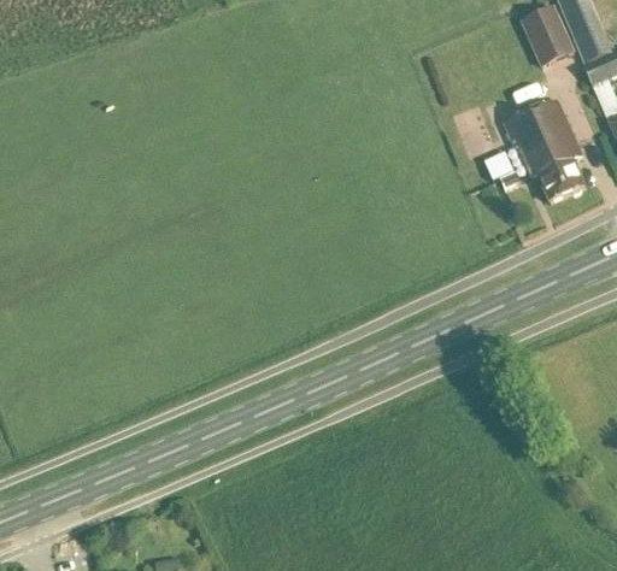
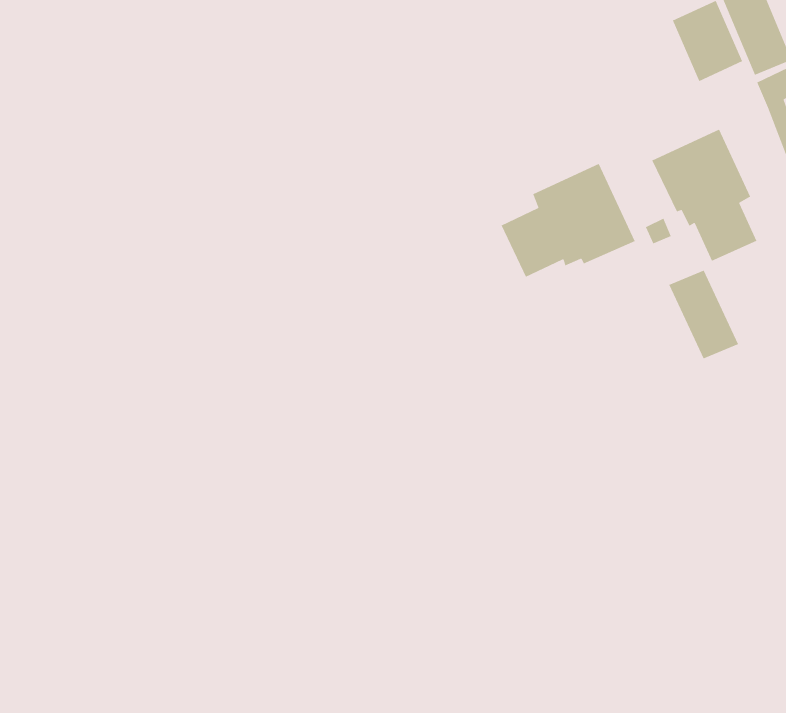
building: none -> [500,163,636,278]
building: none -> [668,269,739,360]

